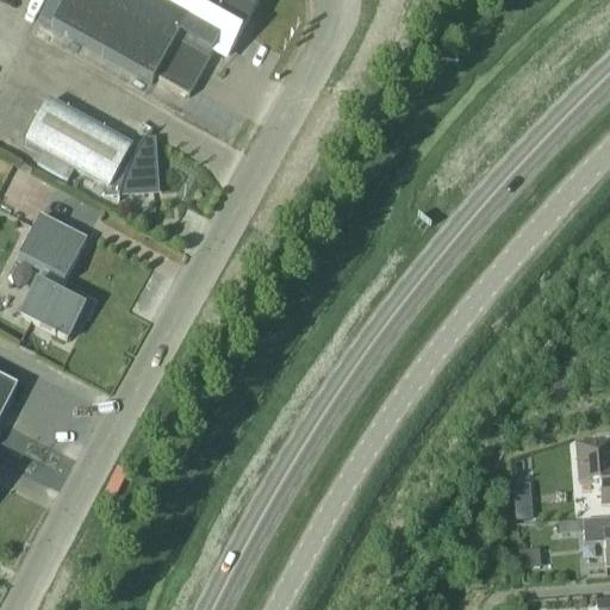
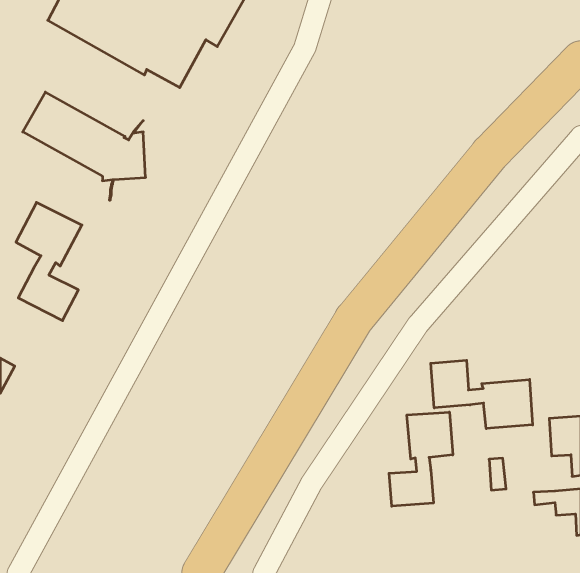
building: none -> [431,360,533,429]
building: none -> [389,412,453,506]

